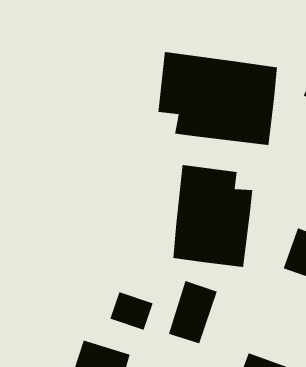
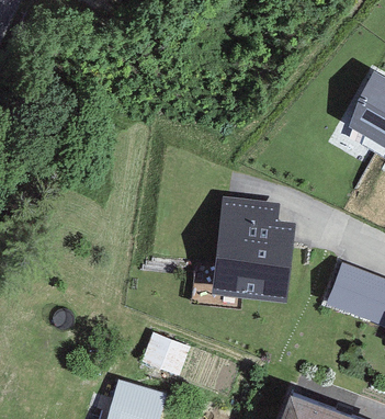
building: [158,51,277,146] -> none
building: [168,280,218,344] -> none

